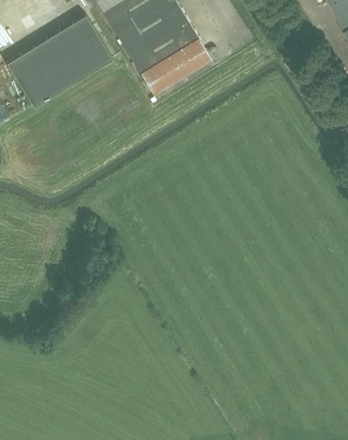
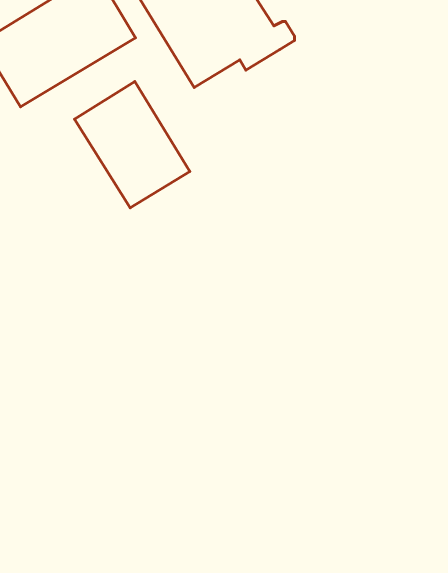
building: none -> [75,82,190,208]

